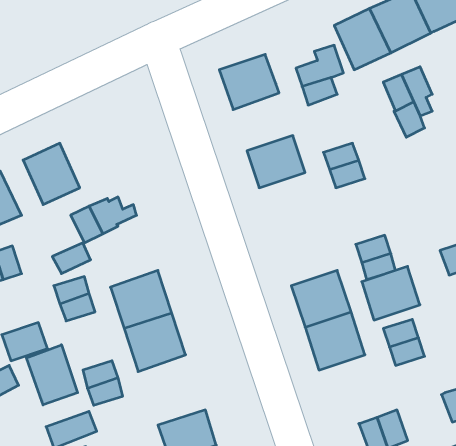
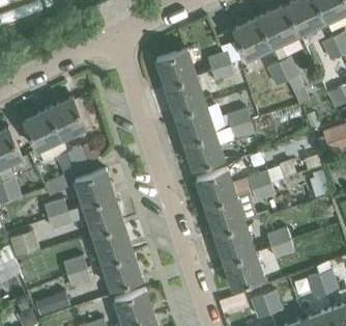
building: none -> [165,76,205,115]
building: none -> [48,99,86,140]
building: none -> [182,130,224,170]
building: none -> [74,170,114,208]
building: [362,266,420,320] -> [196,170,235,207]
building: [26,345,78,405] -> none
building: none -> [100,253,142,291]
building: none -> [223,253,263,290]

